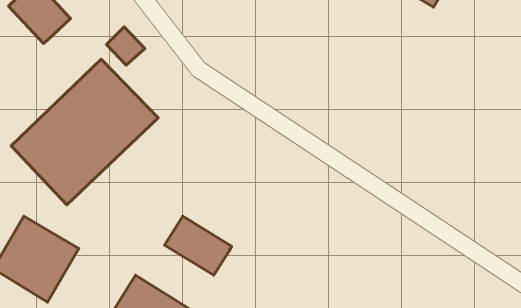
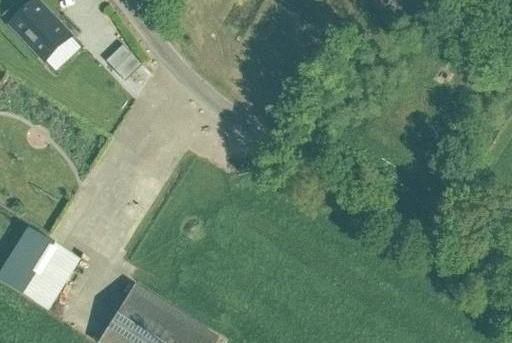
building: [11,59,158,205] -> none
building: [164,216,231,275] -> none

